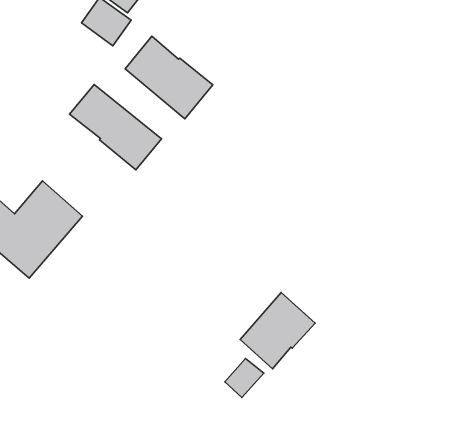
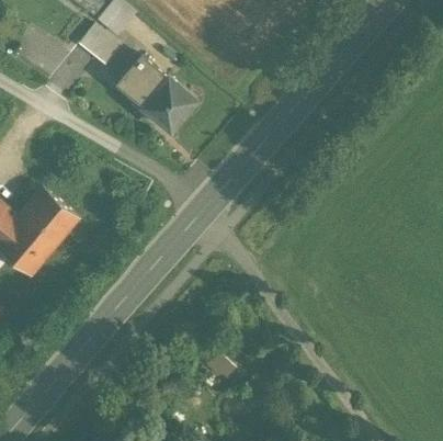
building: [70,84,161,170] -> none
building: [240,293,315,369] -> none

